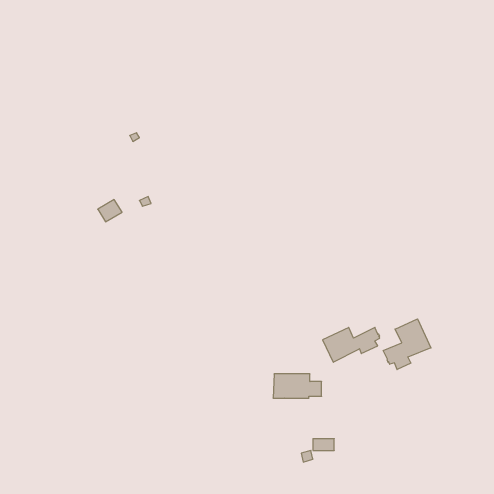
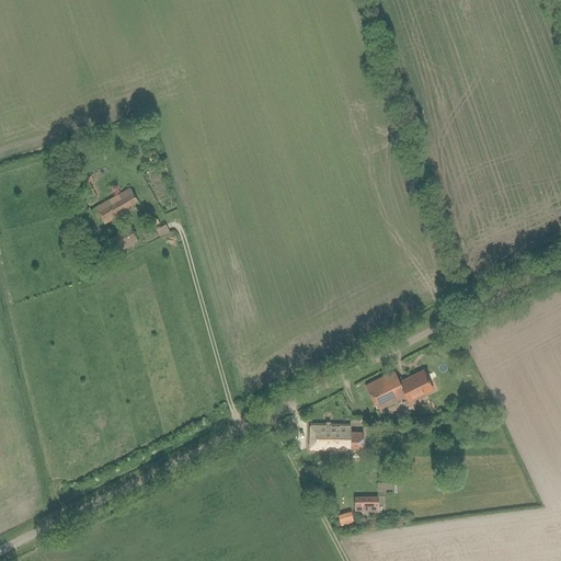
building: none -> [94,187,135,224]
building: [383,319,431,370] -> none

